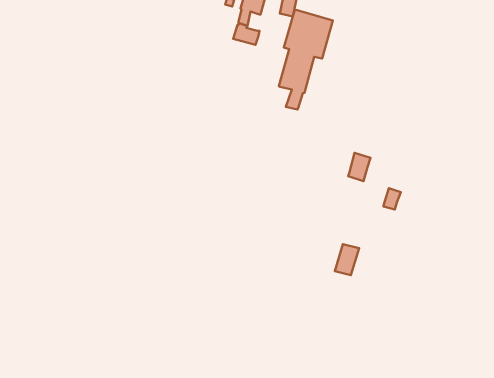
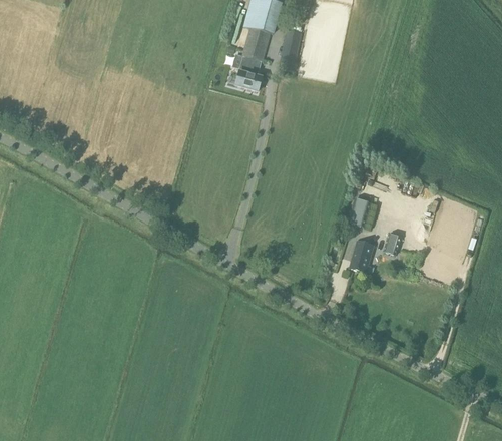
building: [279,9,333,109] -> none
building: [335,244,359,275] -> [351,239,375,270]

